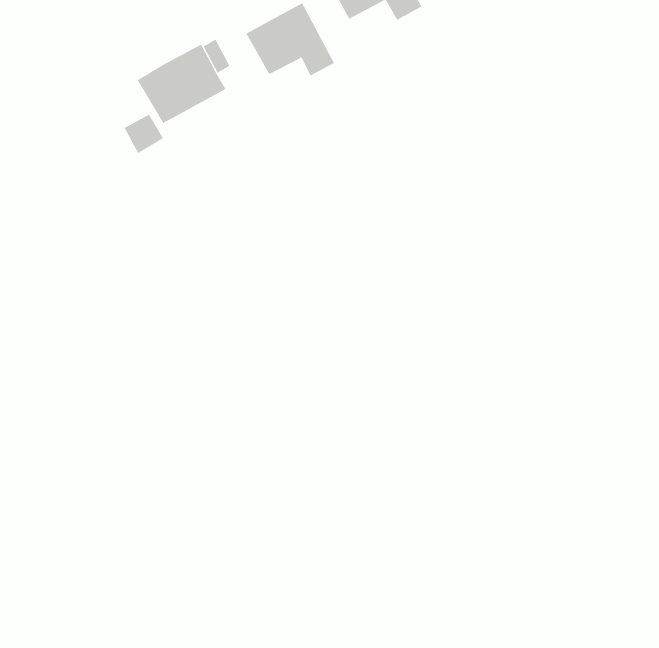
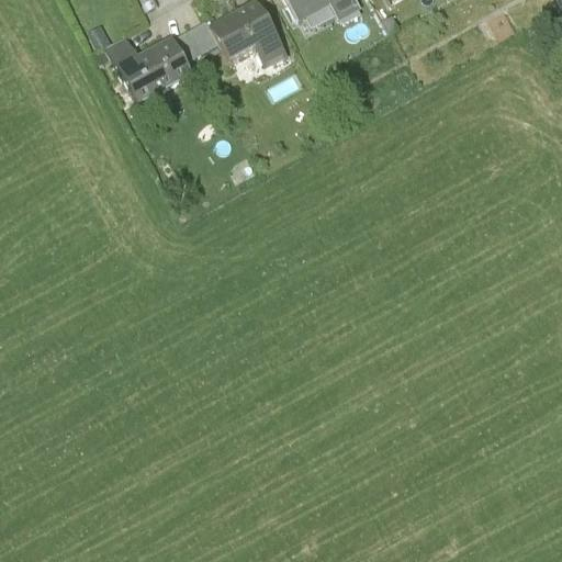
building: none -> [184,22,218,56]
building: [124,114,164,154] -> [105,34,139,68]

